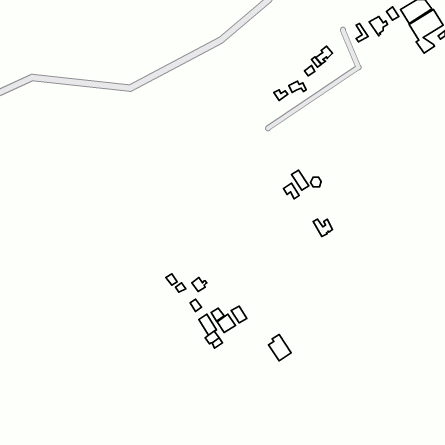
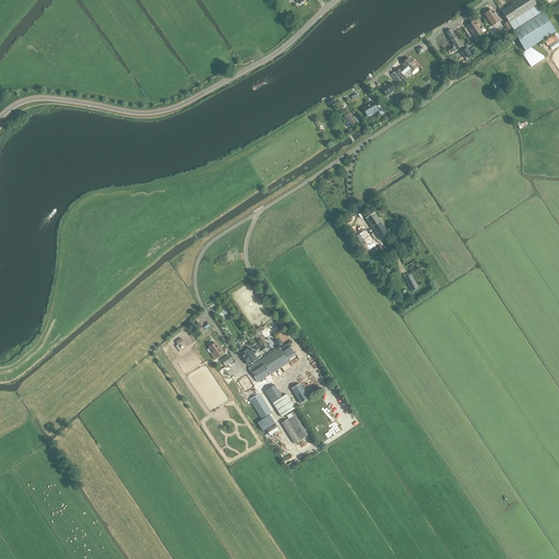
building: none -> [248,347,288,381]
building: [269,335,291,361] -> [282,409,310,442]

